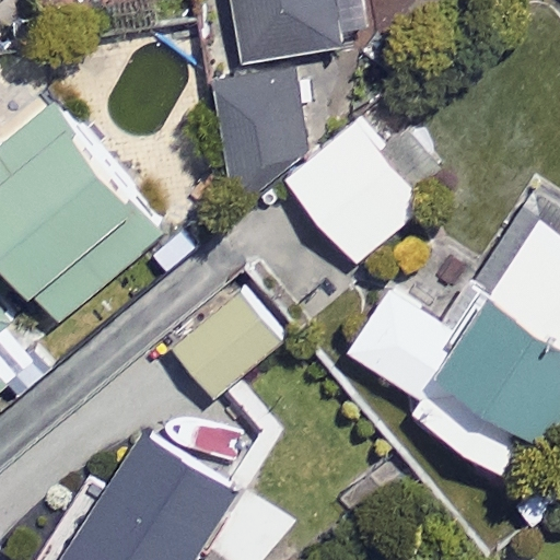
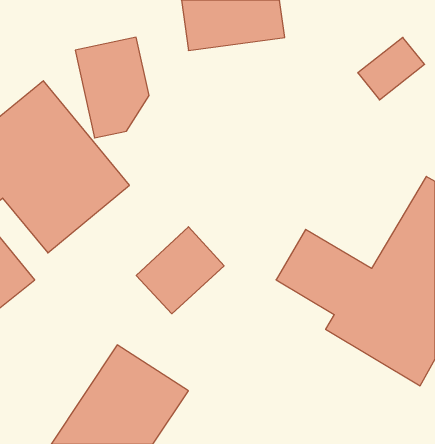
building: [209,66,302,192] -> [75,37,149,138]
building: [284,119,424,262] -> none

